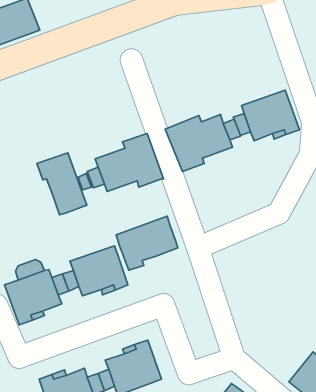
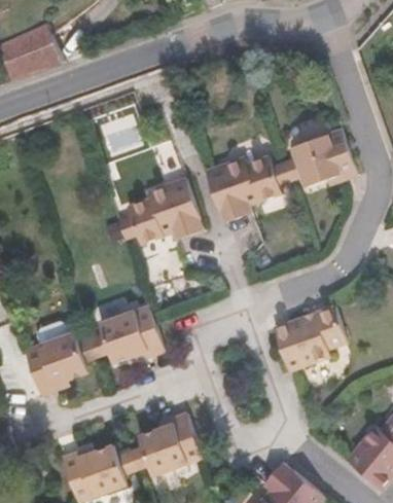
building: [37,153,87,215] -> none
building: [116,216,178,270] -> none
building: none -> [274,306,348,370]

